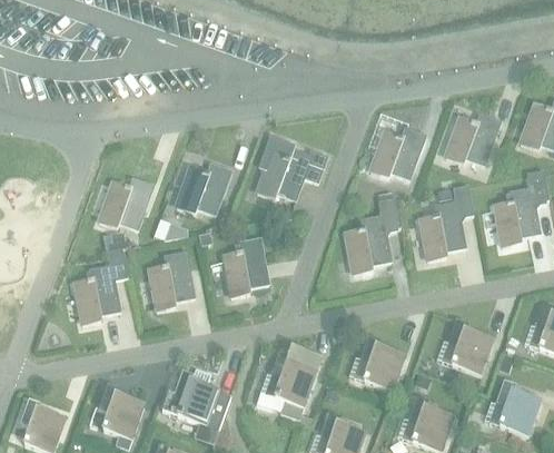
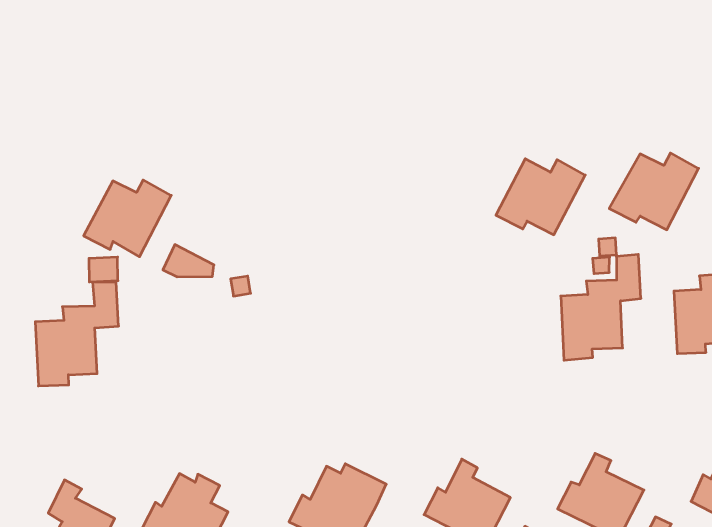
building: [256,135,326,199] -> none
building: [176,164,230,214] -> none
building: [345,197,400,274] -> none
building: [222,238,268,296] -> none
building: [148,253,194,311] -> none

